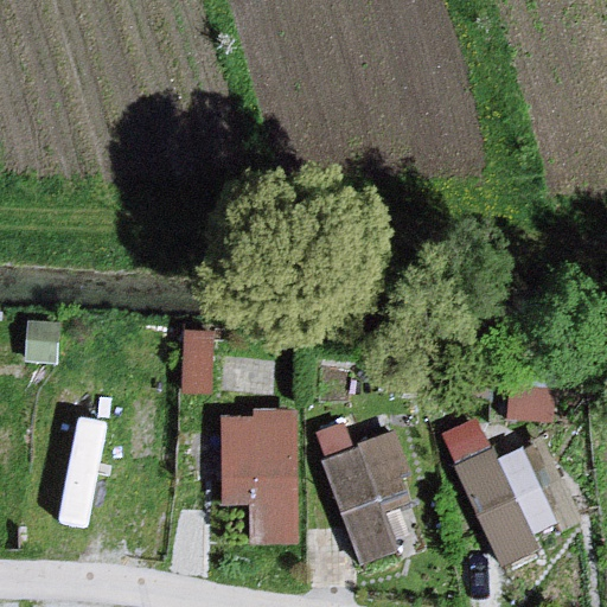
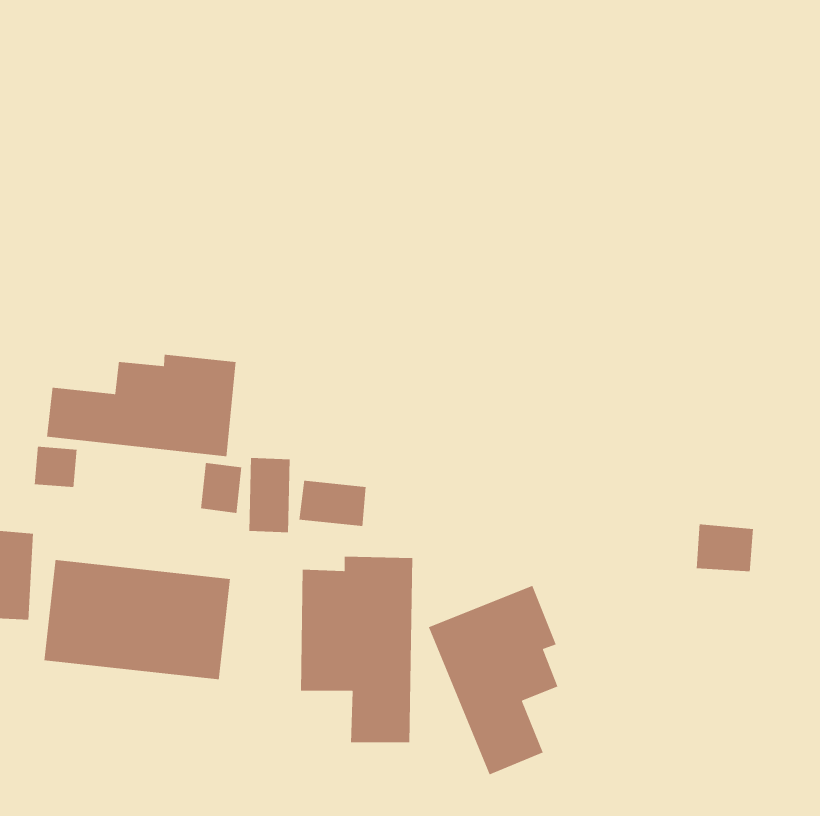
building: none -> [46,354,237,457]
building: [435,410,557,566] -> none

